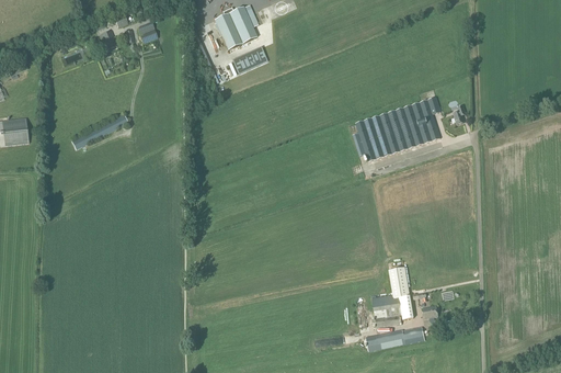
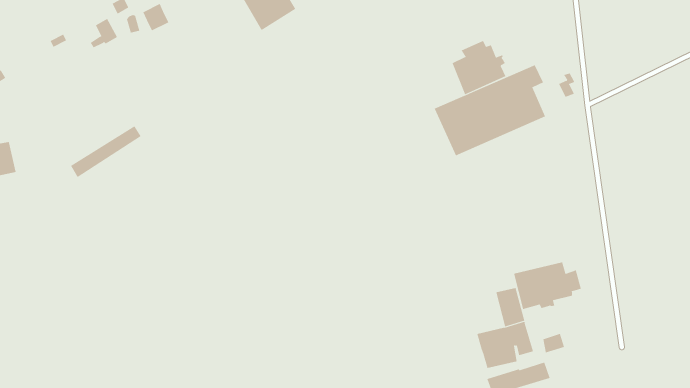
building: none -> [452,40,506,95]
building: none -> [513,262,581,310]

